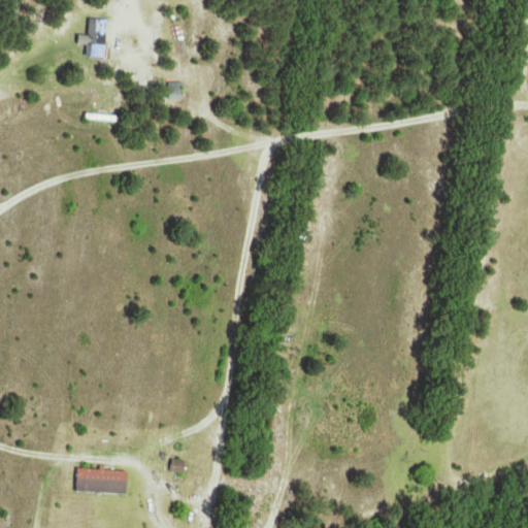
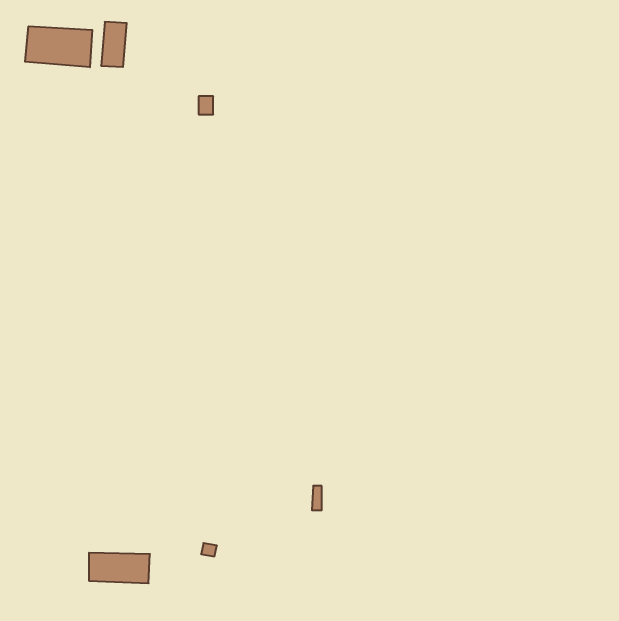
building: none -> [25,26,92,67]

